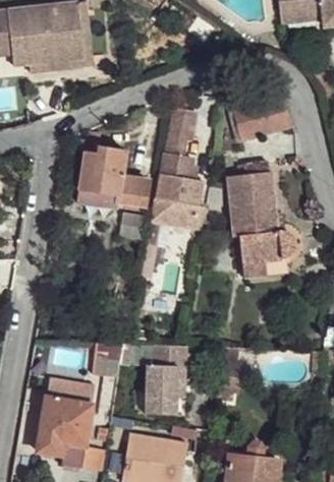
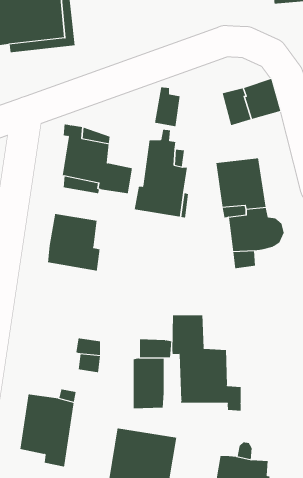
building: none -> [48,213,100,272]
building: none -> [172,315,241,412]

